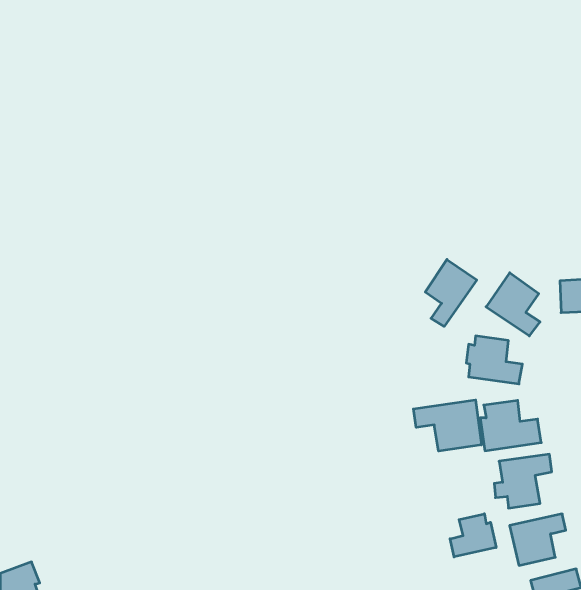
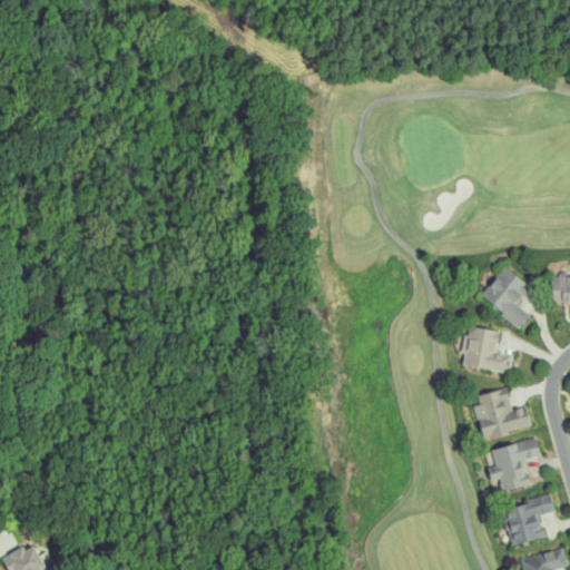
building: [425,259,477,326] -> none
building: [413,400,481,451] -> none
building: [450,514,496,557] -> none

